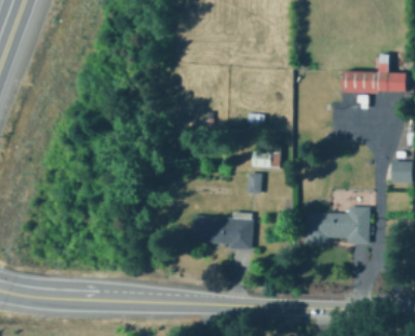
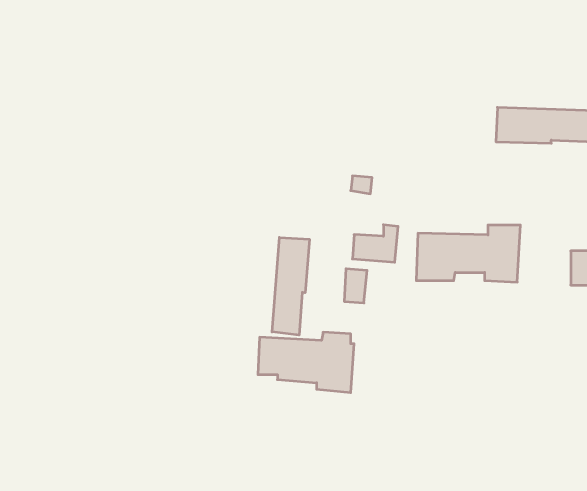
building: none -> [272,237,309,335]
building: [305,208,371,244] -> [416,225,520,282]

